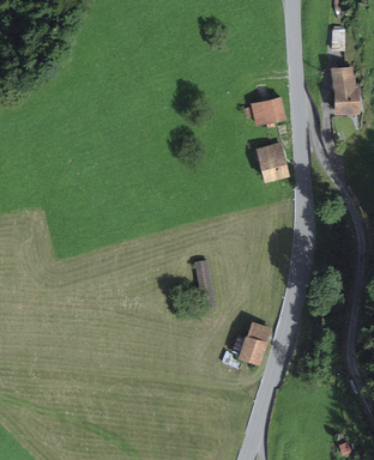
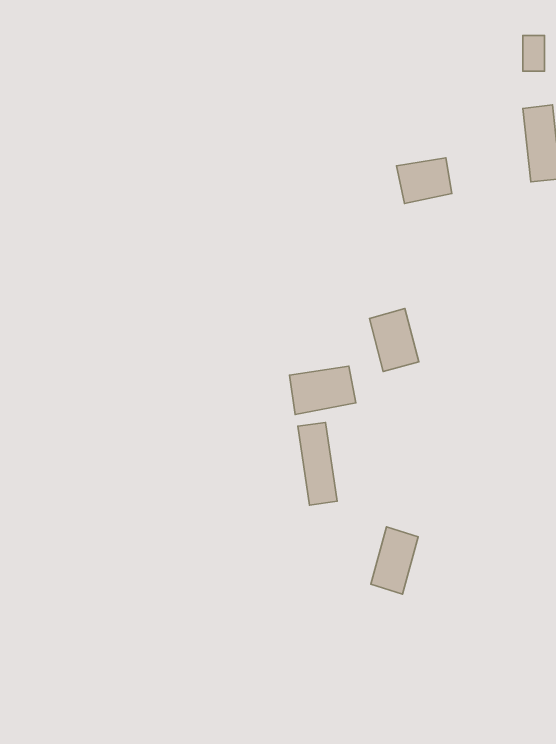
building: [254,141,284,180] -> [369,309,419,372]
building: none -> [289,366,356,414]

